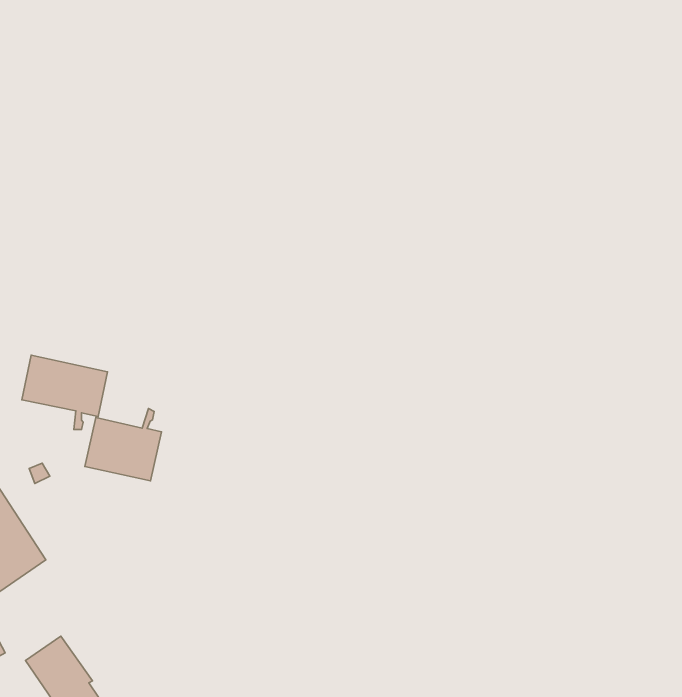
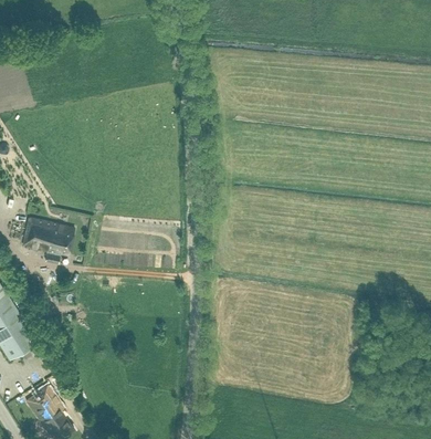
building: [85,409,162,481] -> none

